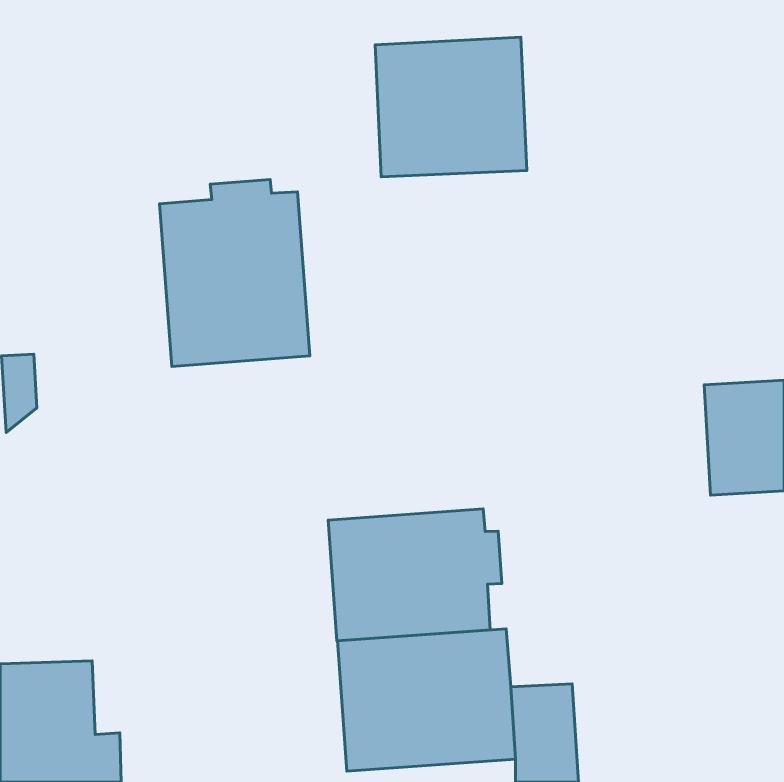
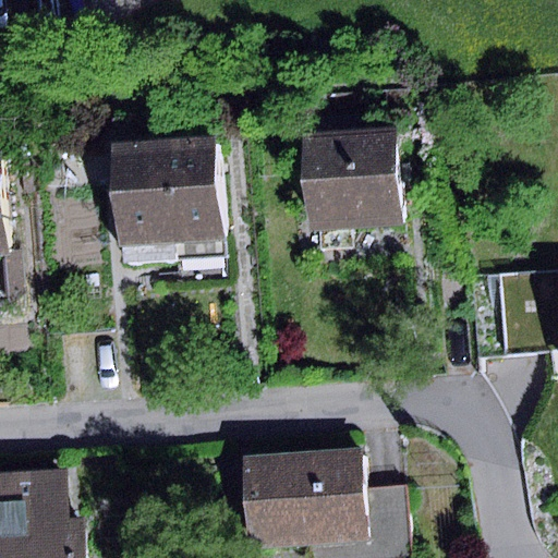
building: [375,37,527,177] -> [295,134,403,233]
building: [328,509,502,641] -> none

